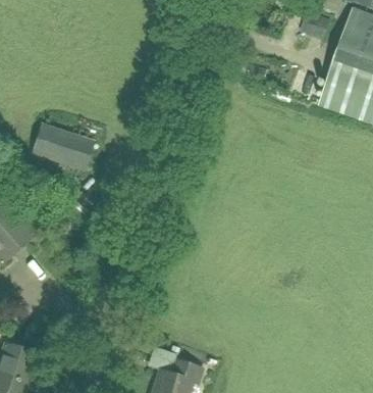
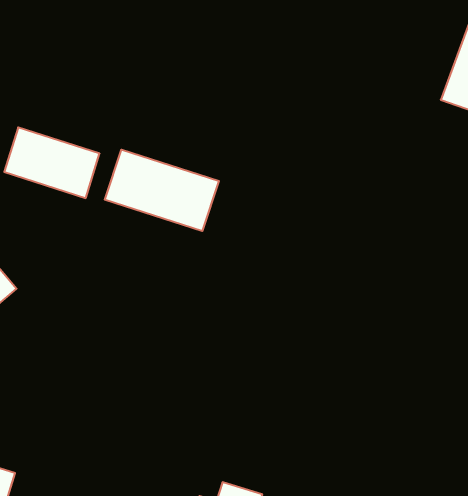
building: none -> [105,150,219,231]

